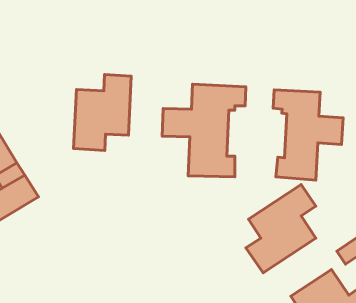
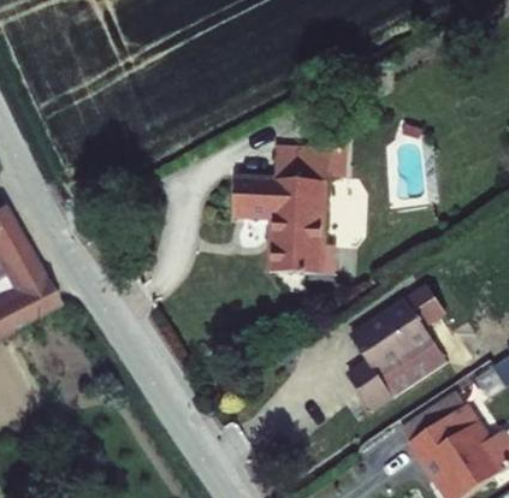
building: [74,75,131,151] -> none
building: [273,90,343,180] -> none

